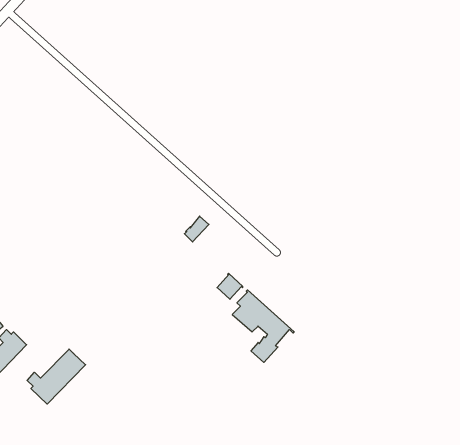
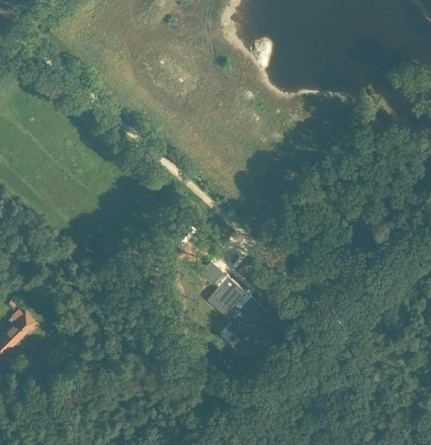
building: [27,349,86,404] -> none

